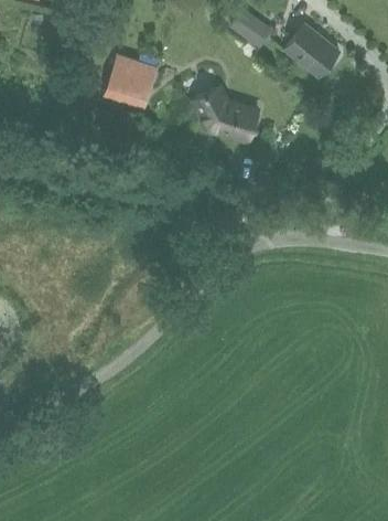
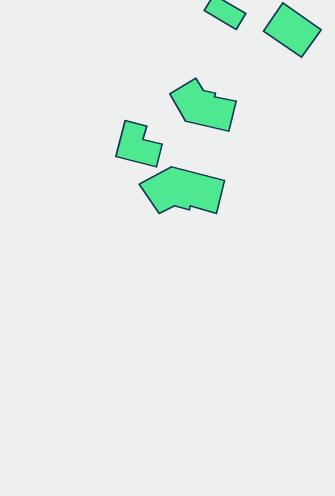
building: [106,59,150,104] -> [116,121,162,167]
building: none -> [139,167,225,214]

